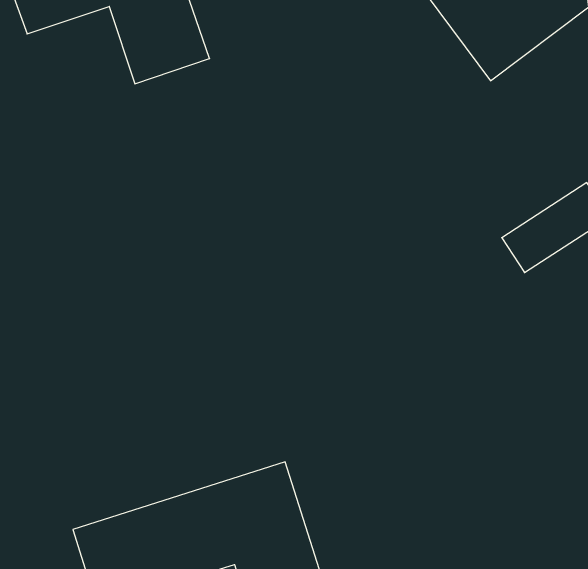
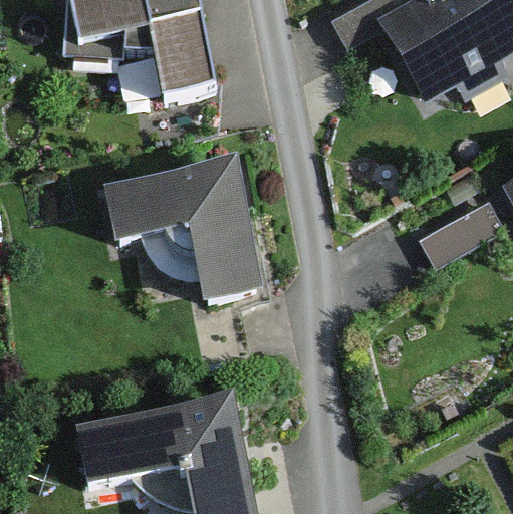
building: none -> [100,153,261,295]

